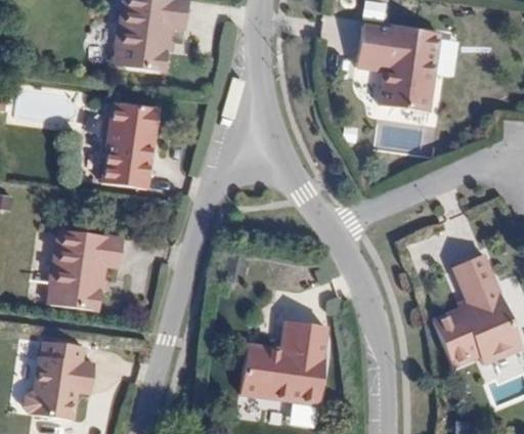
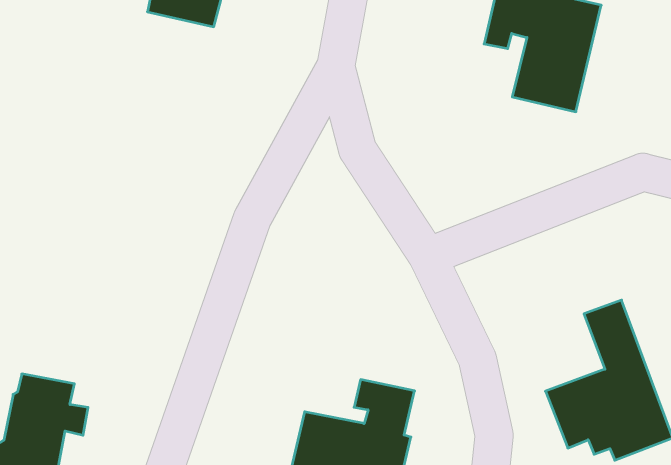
building: [99,102,159,188] -> none
building: [47,225,123,306] -> none

